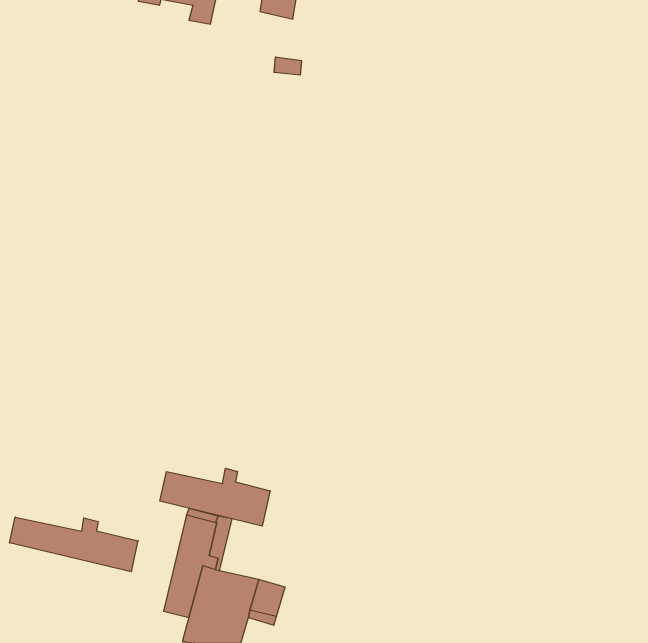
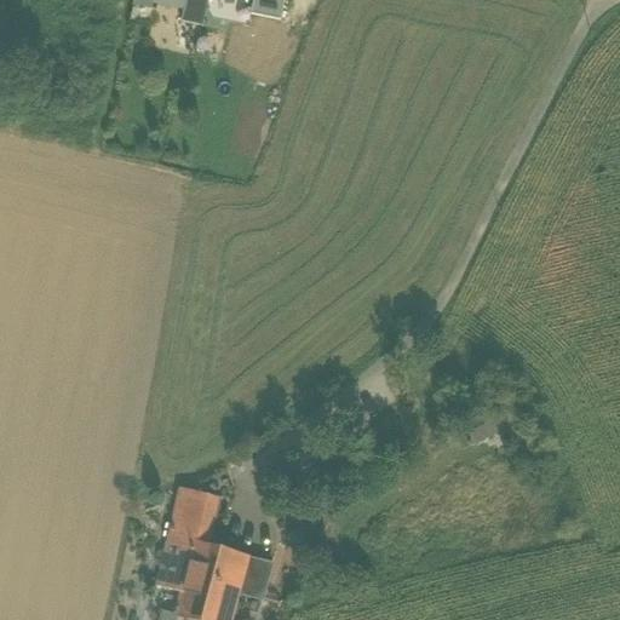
building: [160,468,270,526] -> none
building: [10,517,138,572] -> none

